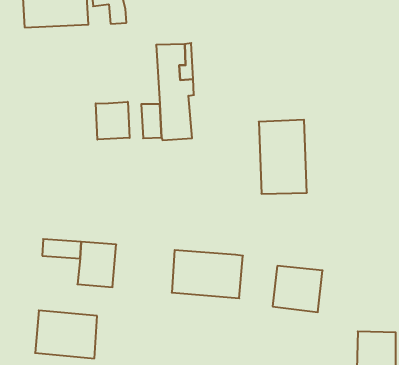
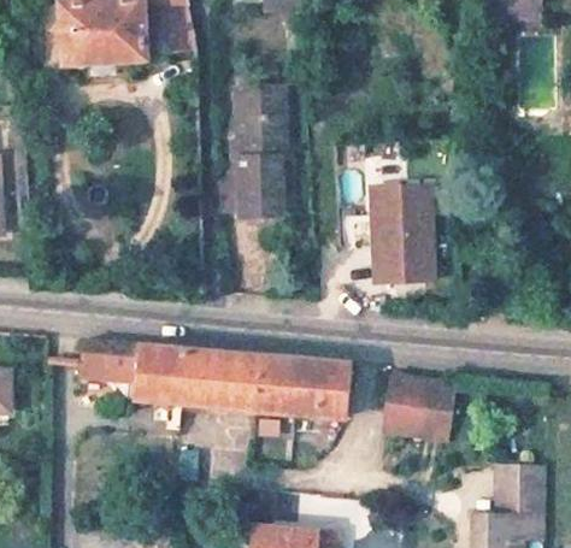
building: [96,102,130,140] -> none
building: [35,310,97,358] -> [178,349,259,412]

